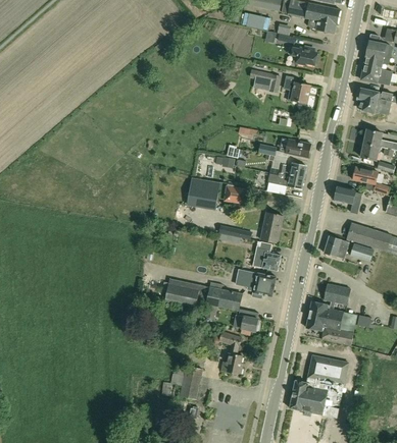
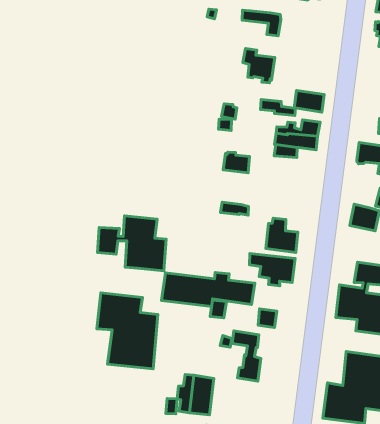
building: [284,76,310,106] -> [243,49,275,83]
building: [187,178,219,210] -> none
building: [260,212,283,242] -> none
building: none -> [97,216,166,271]
building: none -> [97,293,158,369]

